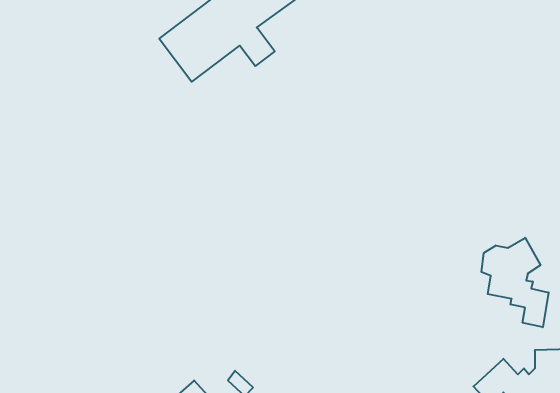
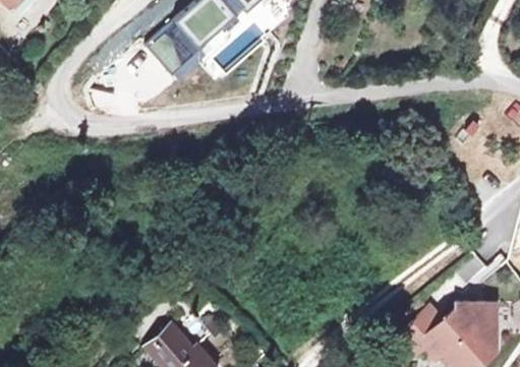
building: [481,238,549,327] -> none

